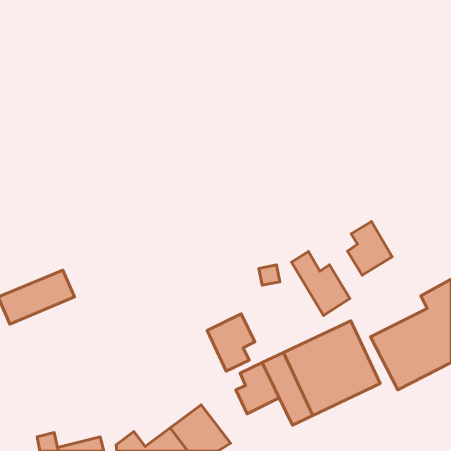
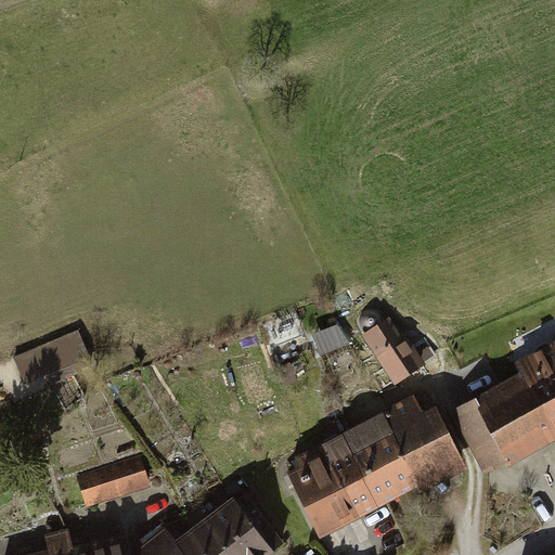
building: [348,222,392,275] -> none
building: [207,314,255,371] -> none
building: none -> [79,456,145,502]
building: none -> [302,487,358,539]

